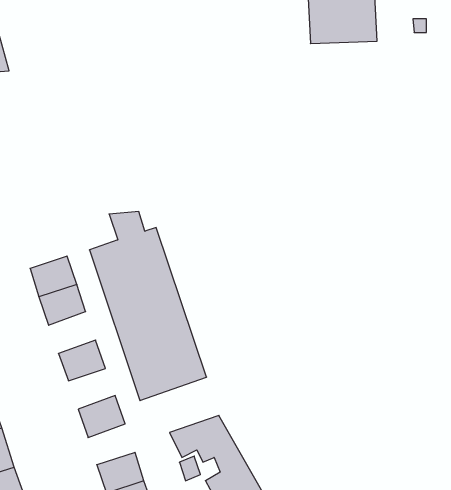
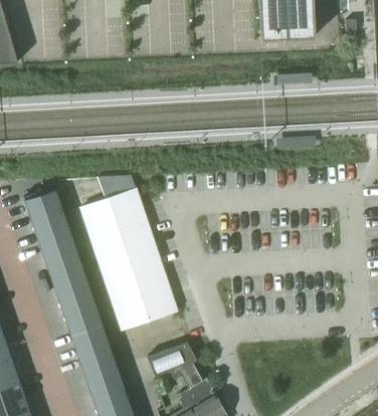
building: none -> [24,190,63,223]
building: none -> [48,258,86,292]
building: none -> [64,304,103,338]
building: none -> [80,350,119,383]

